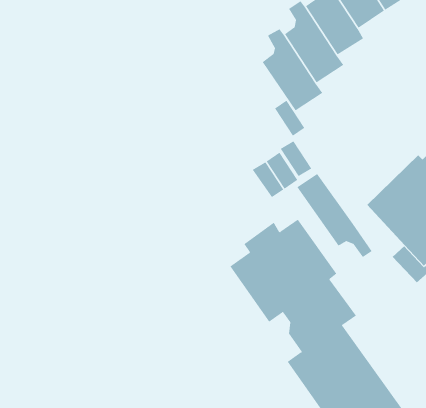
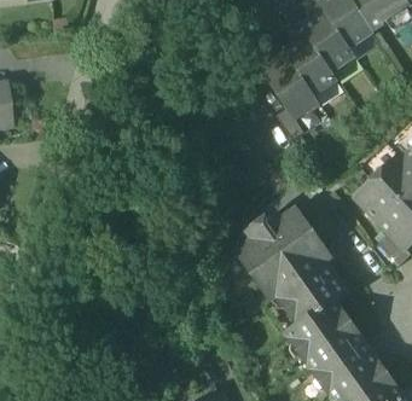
building: [297,173,372,258] -> none

